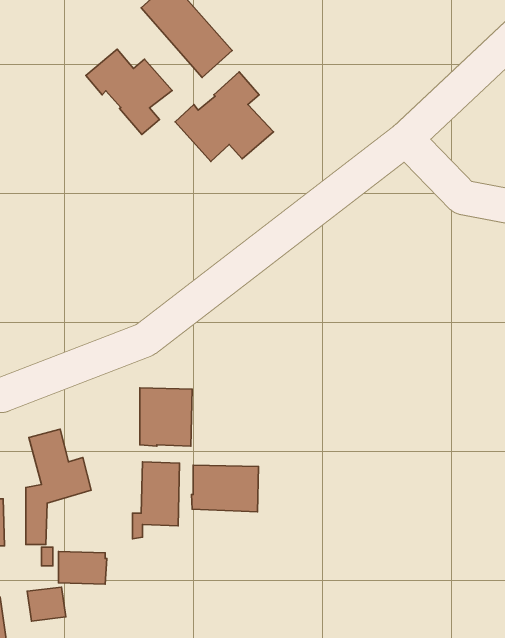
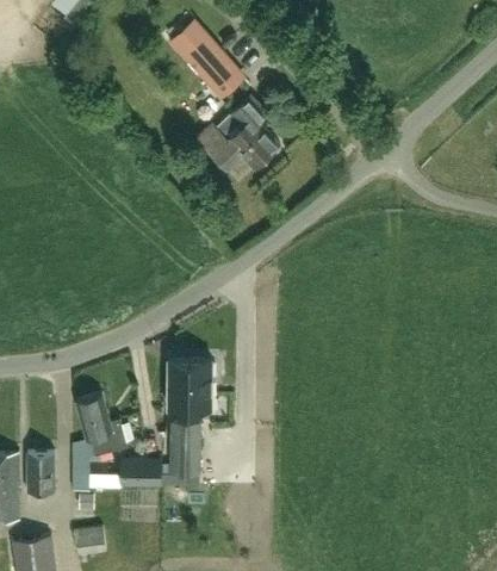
building: [86,49,172,135] -> none
building: [191,465,259,512] -> none
building: [58,551,107,584] -> [122,459,162,486]

